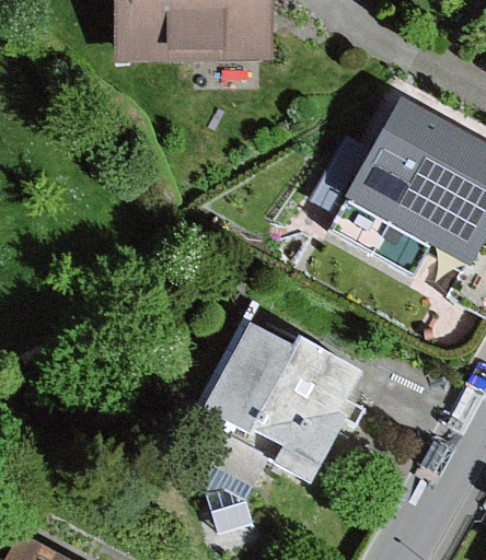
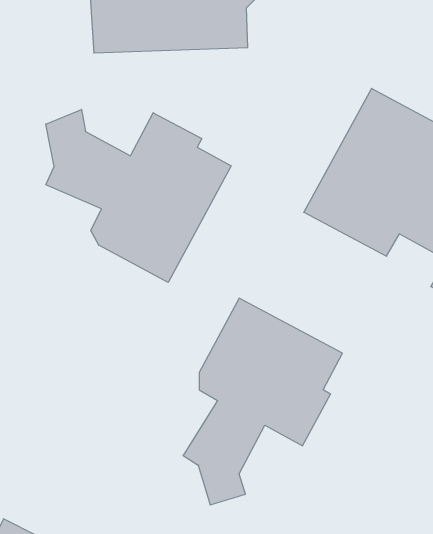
building: none -> [46,109,231,282]

